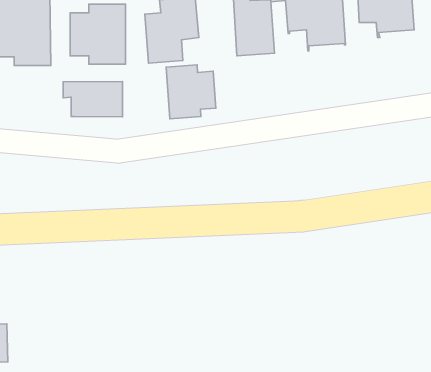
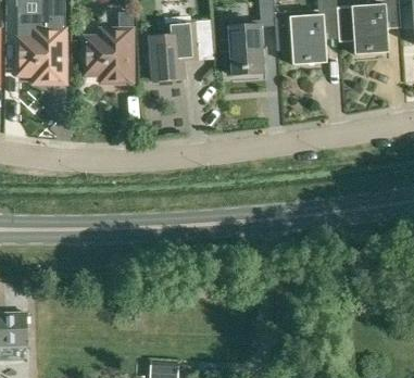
building: [166,65,216,119] -> none
building: [63,81,123,117] -> none

